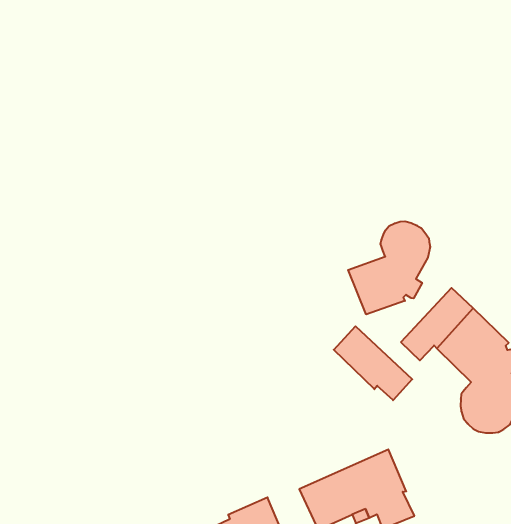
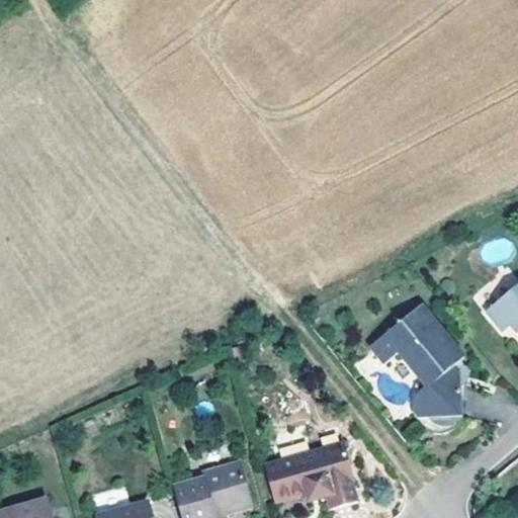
building: [348,221,430,314] -> none
building: [334,326,412,400] -> none

